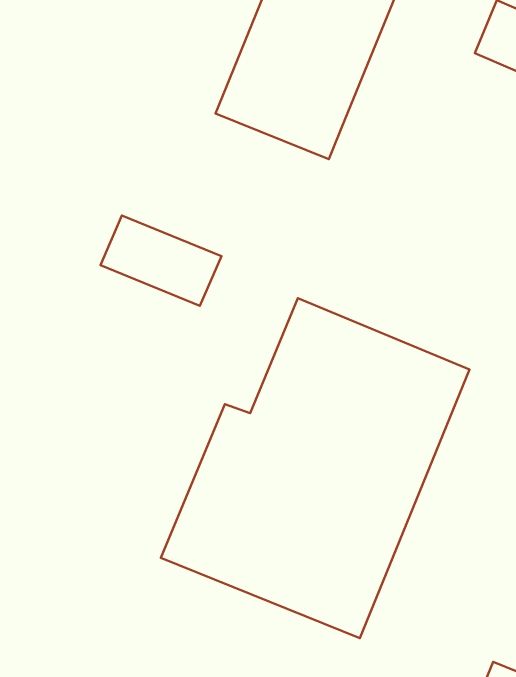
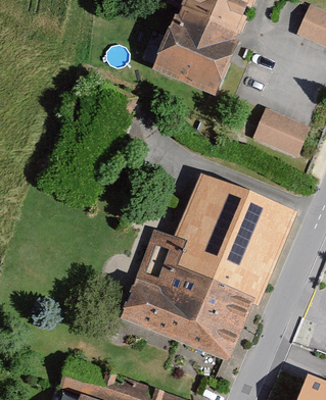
building: none -> [253,109,310,156]
building: [100,215,221,306] -> none

